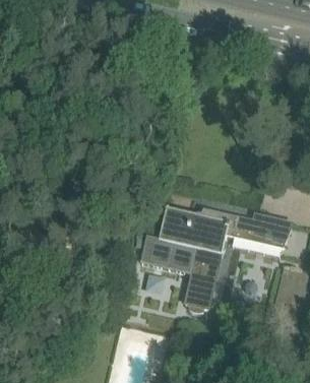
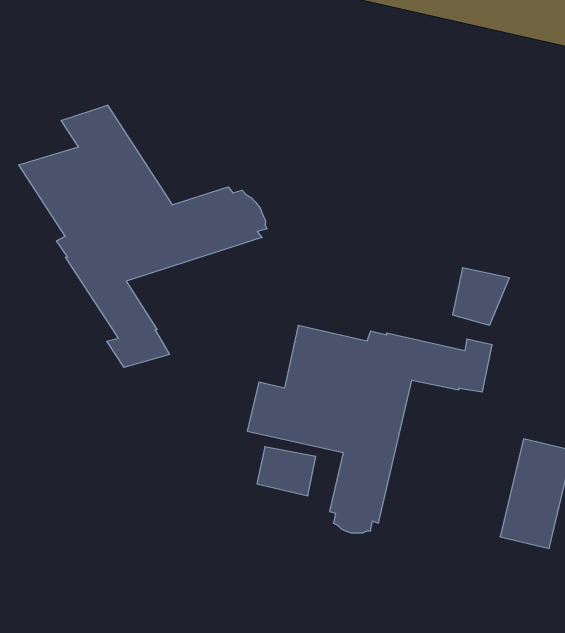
building: none -> [19,105,267,367]
building: [262,216,292,246] -> [453,268,509,325]

